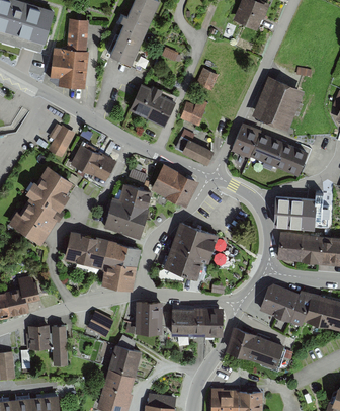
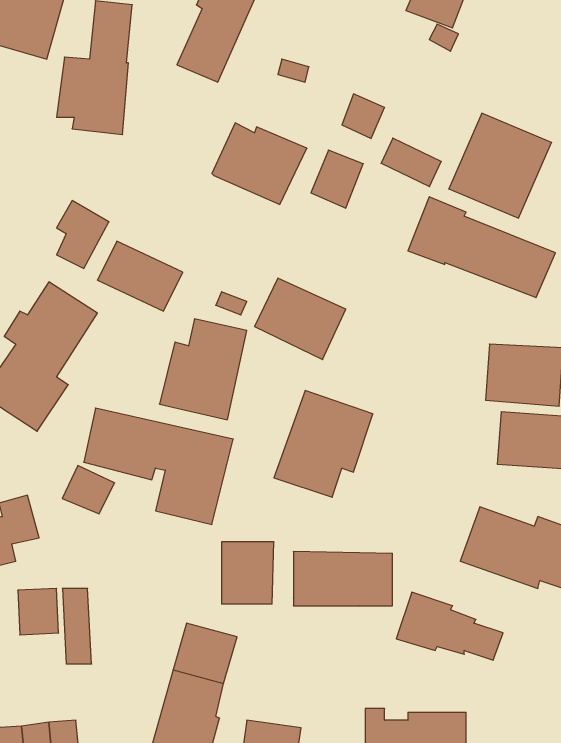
building: [183,139,215,164] -> [381,138,441,187]
building: [86,312,113,337] -> [62,466,115,514]

